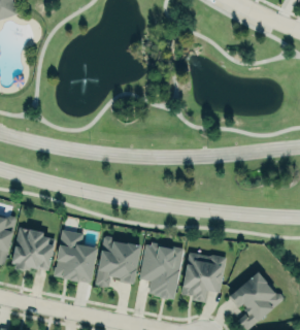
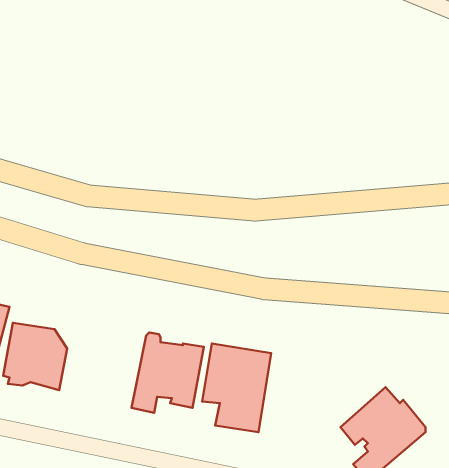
building: [55,229,96,283] -> none
building: [182,252,227,301] -> none

